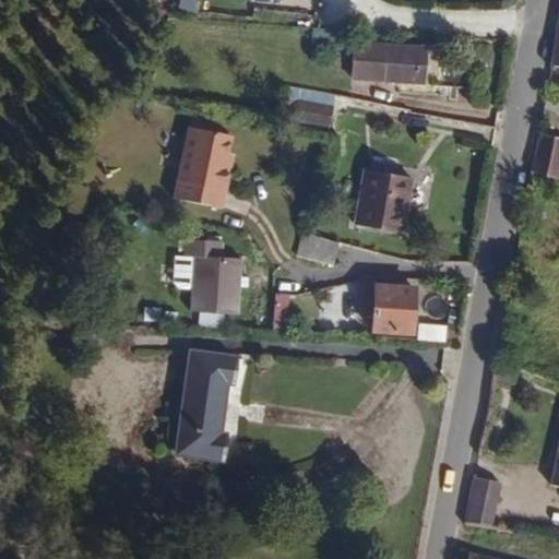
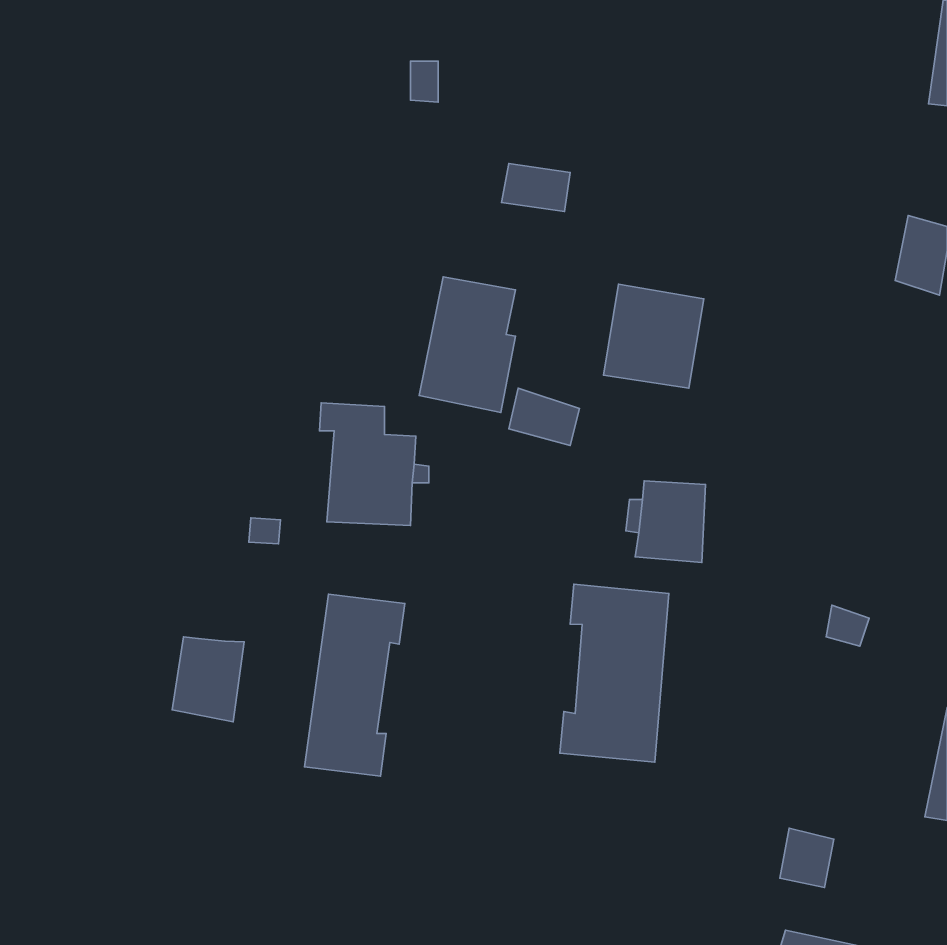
building: [350,44,427,81] -> none
building: [177,128,234,207] -> [419,277,516,412]
building: none -> [560,584,669,762]
building: none -> [172,637,244,722]

